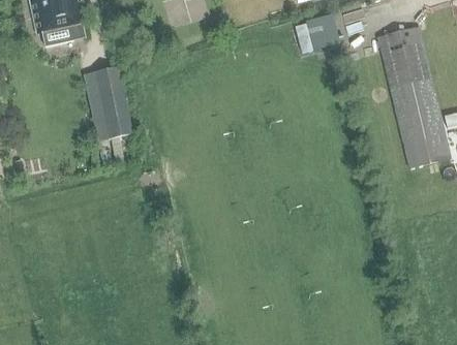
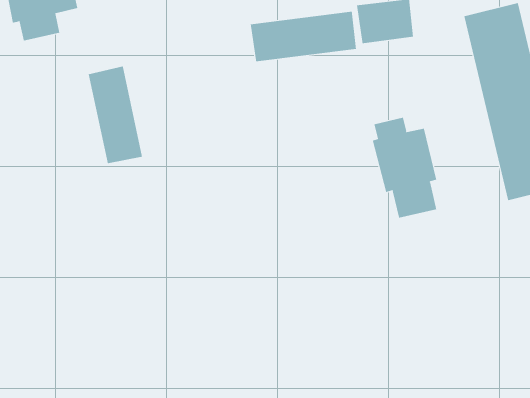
building: none -> [250,11,357,62]
building: none -> [372,117,437,219]

